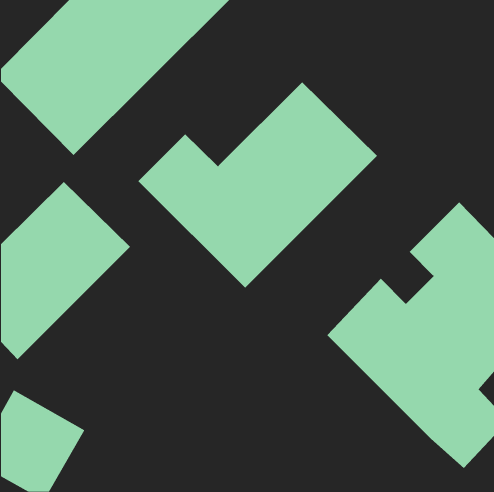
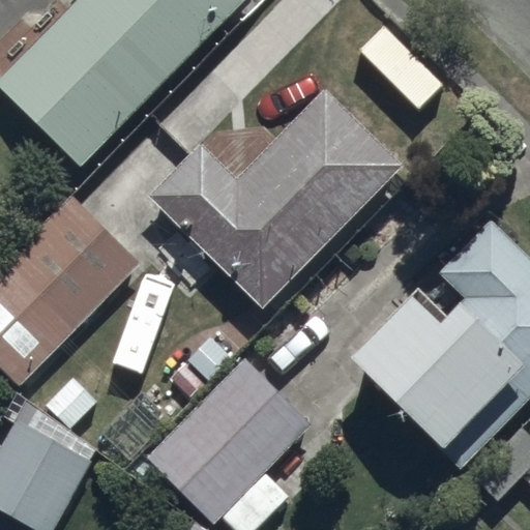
building: none -> [146,356,312,522]

